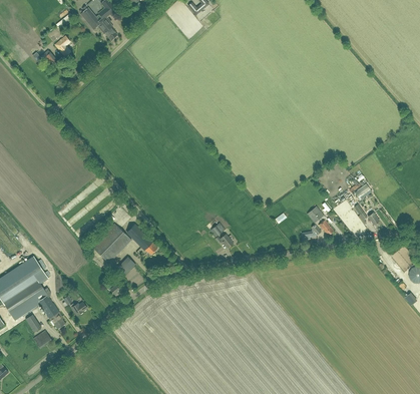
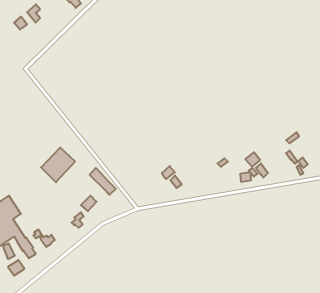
building: [92,224,131,264] -> [41,147,75,182]

